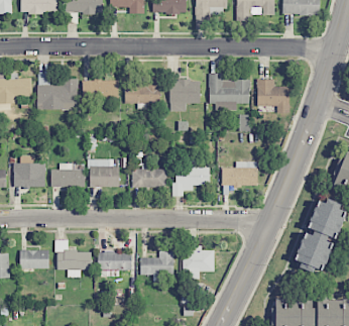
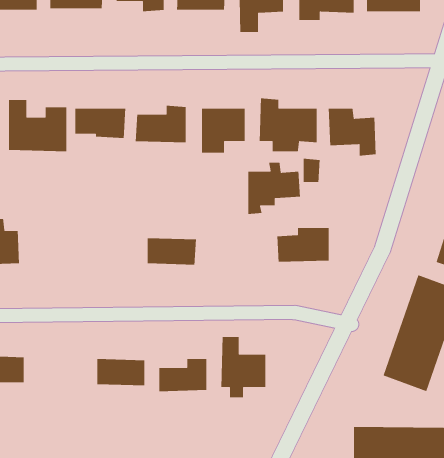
building: [89,159,119,187] -> none
building: [173,160,210,197] -> [248,162,301,215]
building: [50,162,85,187] -> none
building: [56,240,91,276] -> none

